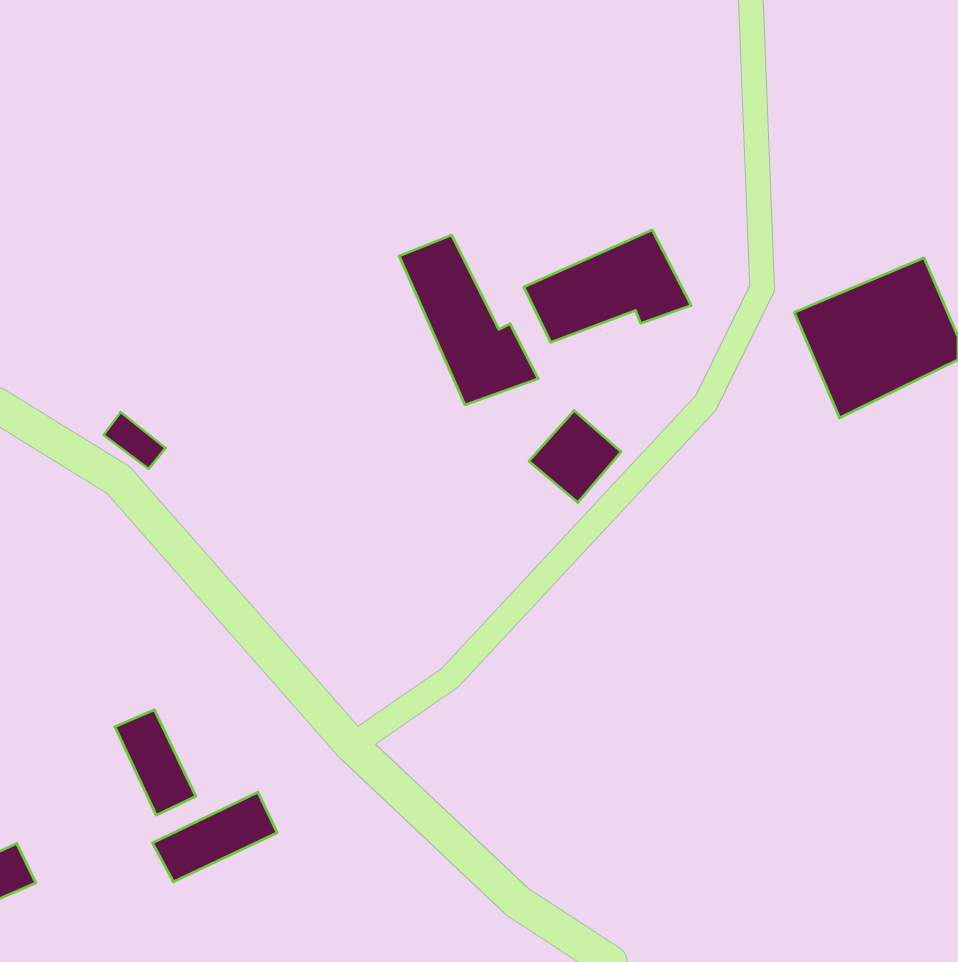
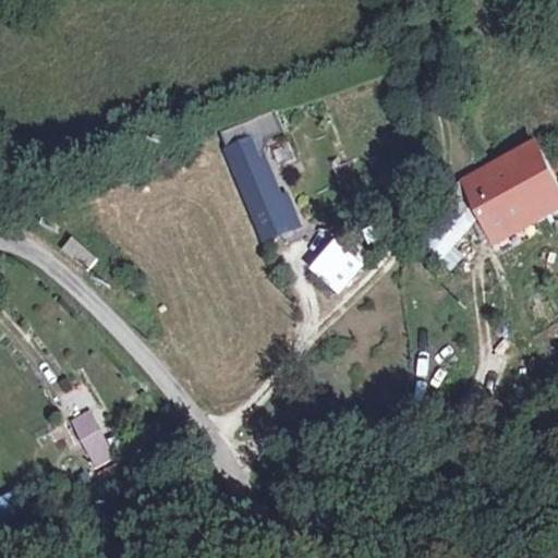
building: [524,230,691,342] -> none
building: [153,792,277,882] -> none

